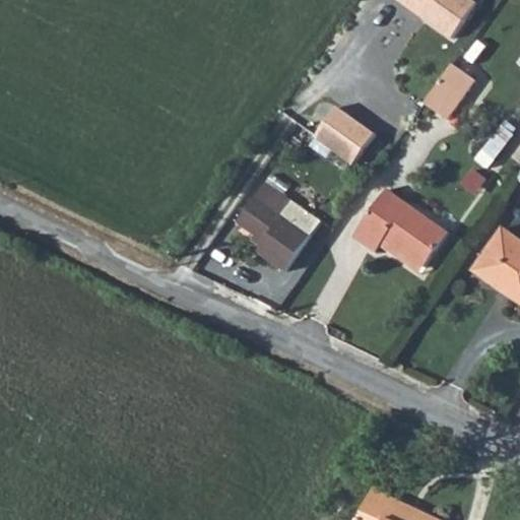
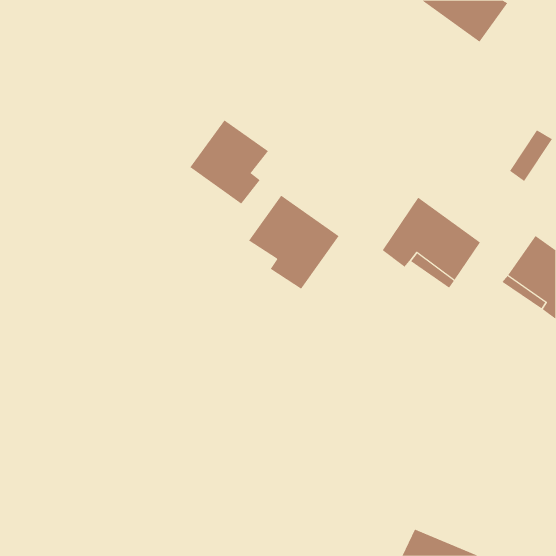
building: [422,66,473,122] -> none
building: [313,107,373,164] -> none
building: none -> [190,119,269,204]

